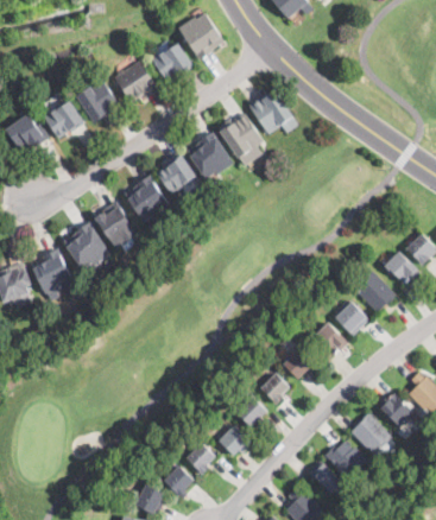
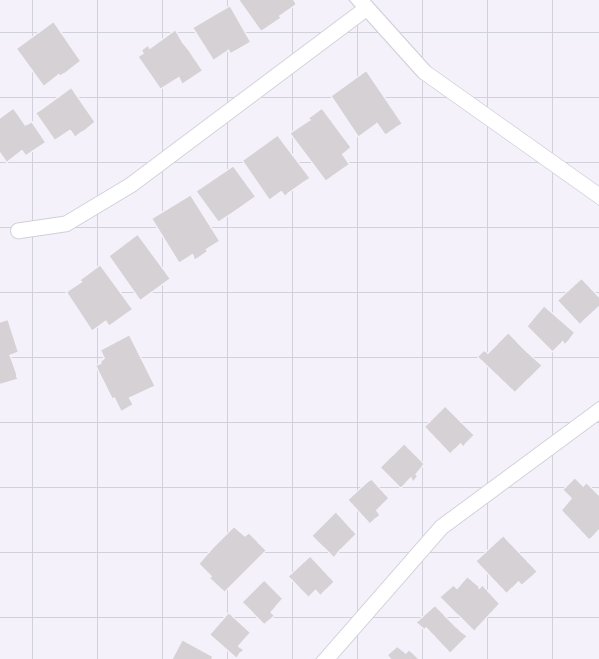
building: [74,77,119,122] -> [16,22,81,86]
building: [33,248,75,302] -> [95,335,155,411]
building: [335,302,368,335] -> none
building: [380,393,412,425] -> none
building: none -> [199,527,266,592]

